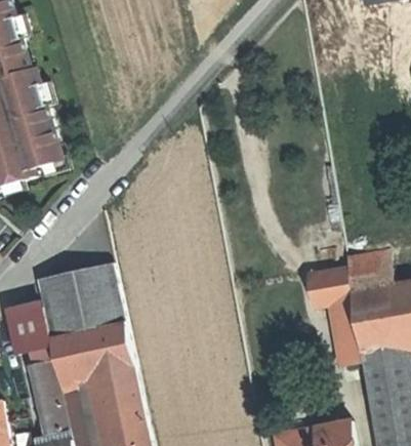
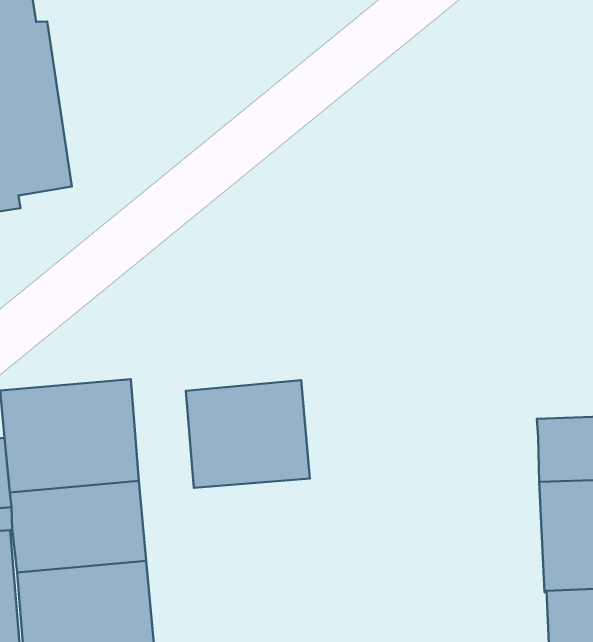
building: none -> [186,380,310,488]
building: [304,266,362,365] -> none

